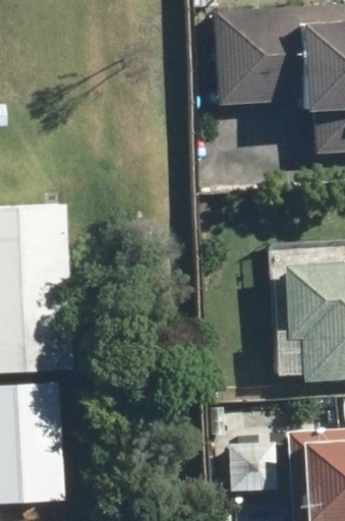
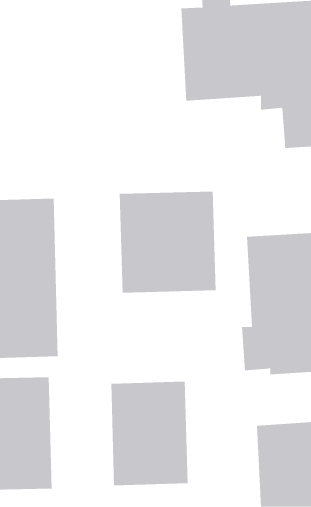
building: none -> [119,191,216,293]
building: none -> [111,381,188,486]

